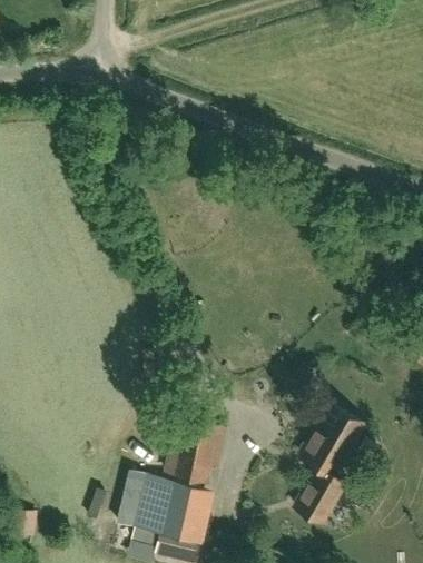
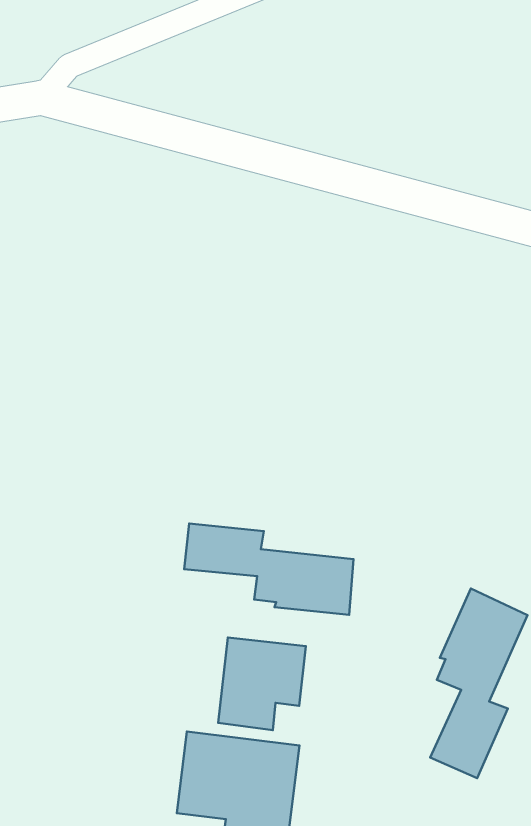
building: none -> [184,523,353,615]
building: [116,474,146,532] -> none

